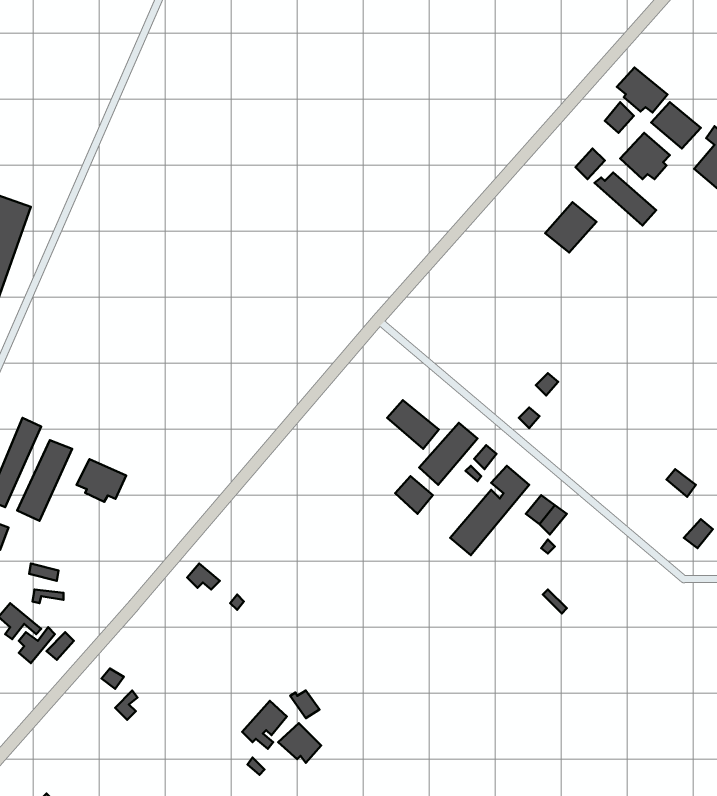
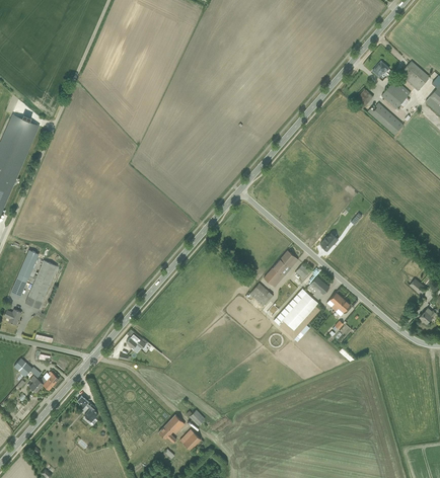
building: [617,67,667,113] -> none
building: [545,202,596,252] -> none
building: [387,400,439,449] -> none
building: [77,459,126,502] -> none

